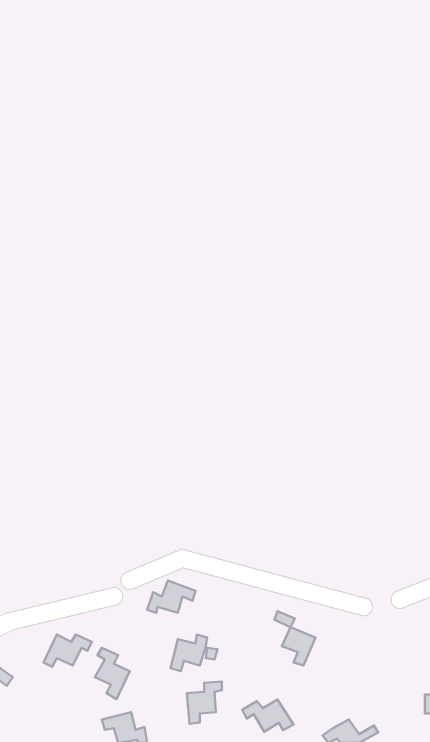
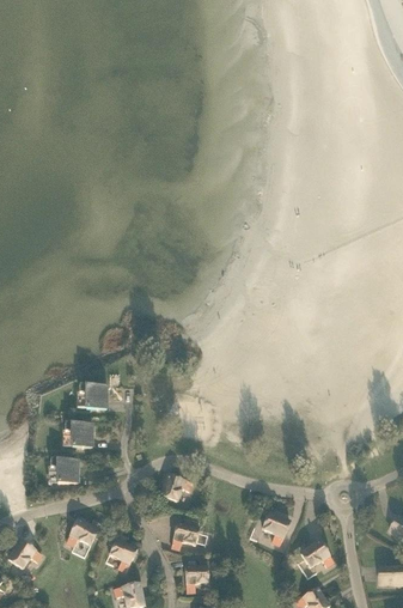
building: none -> [78,384,105,409]
building: none -> [63,422,91,448]
building: none -> [49,458,77,484]
building: [242,700,293,732] -> [291,541,332,567]

